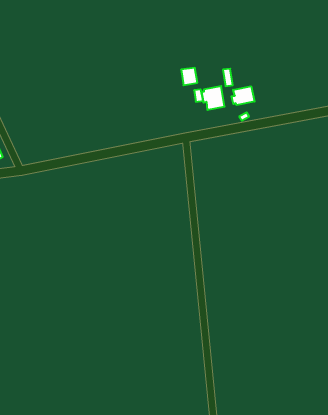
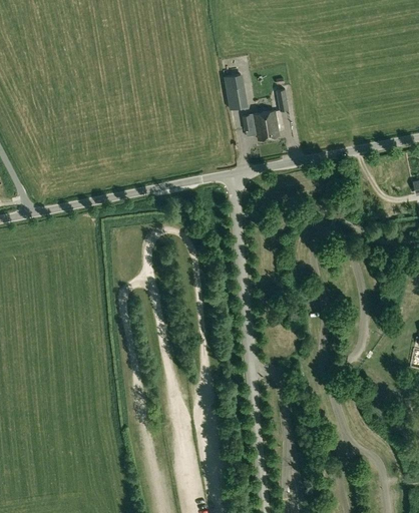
building: [231,86,255,105] -> none

